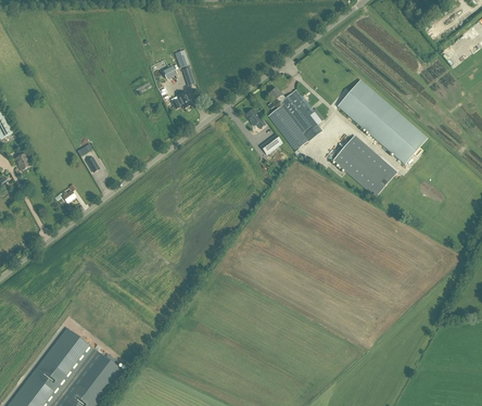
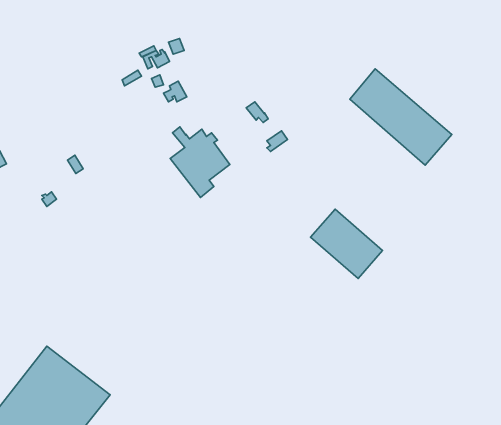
building: [267,87,320,150] -> [170,127,230,197]
building: [332,135,396,196] -> [311,209,382,278]

